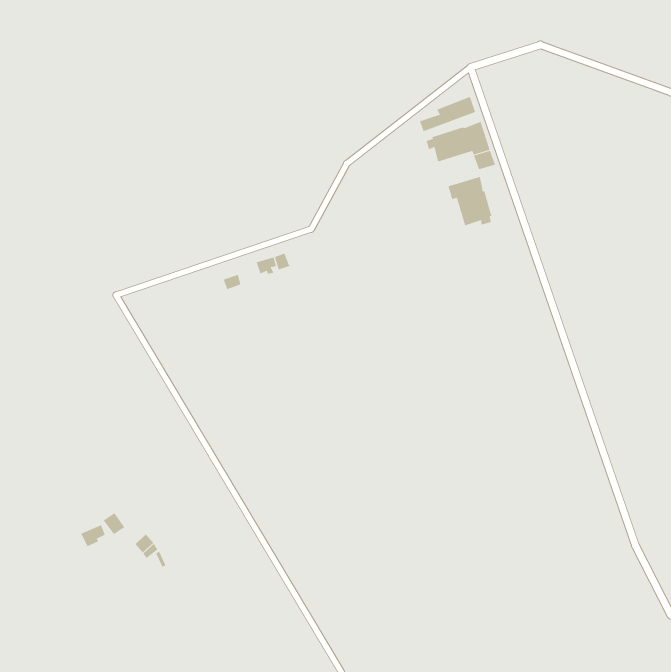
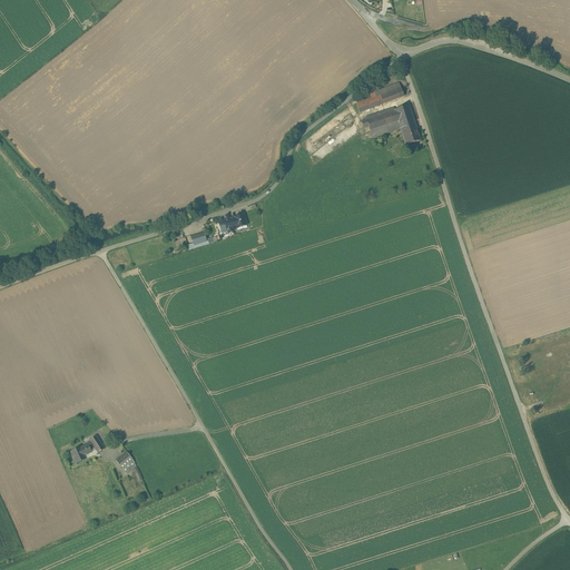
building: [448,176,492,226] -> none

